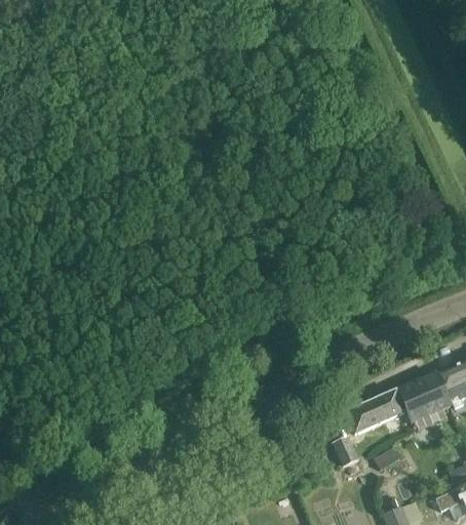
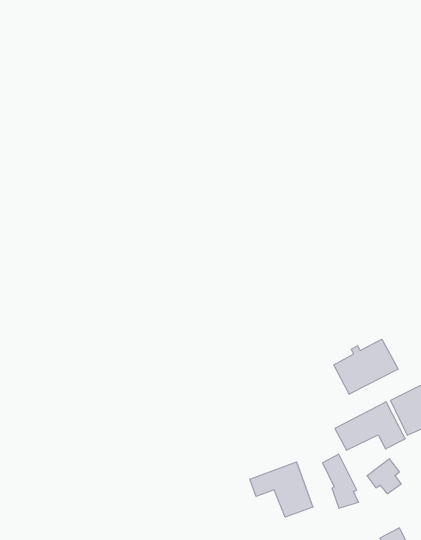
building: none -> [334,339,398,394]
building: none -> [250,462,313,517]

